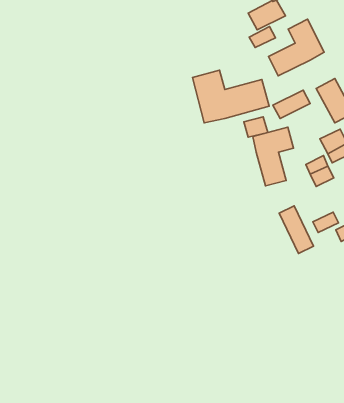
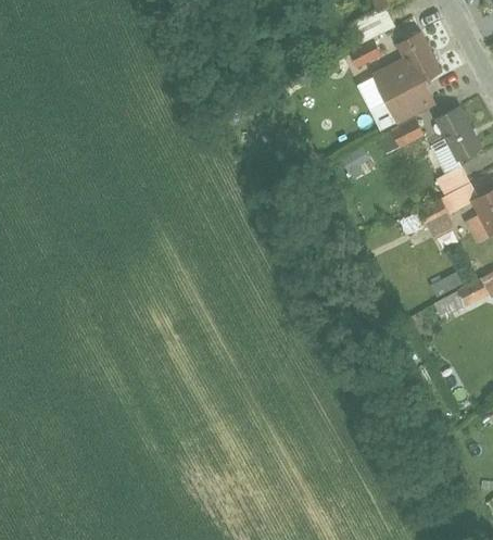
building: none -> [387,83,437,124]
building: [192,70,269,123] -> none
building: [253,127,294,186] -> none
building: [279,206,313,254] -> none

